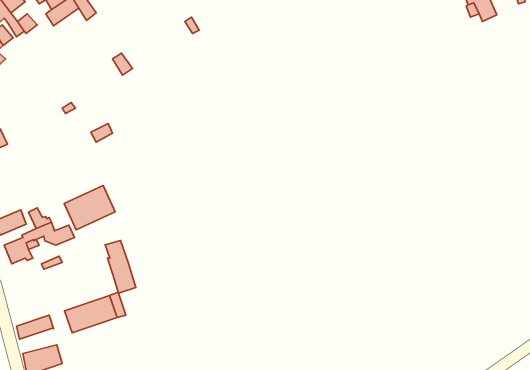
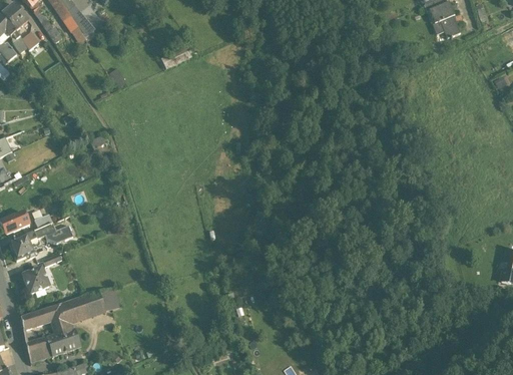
building: [64,185,115,230] -> none
building: [105,241,136,293] -> [50,303,78,351]
building: none -> [20,265,51,295]

